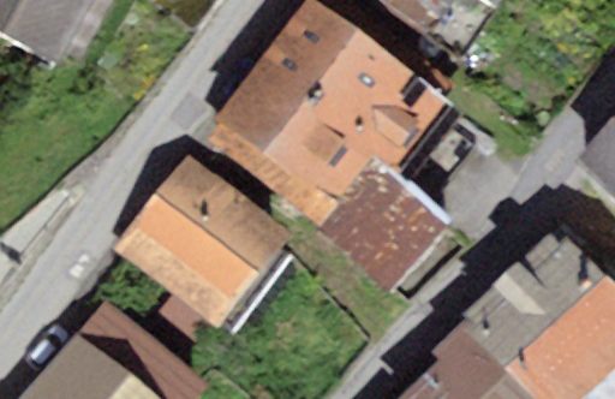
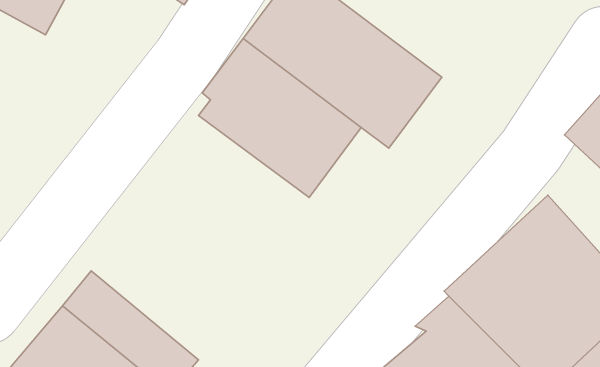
building: [114,153,291,328] -> none
building: [321,156,450,291] -> none

